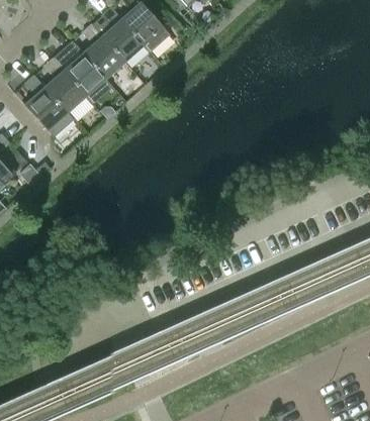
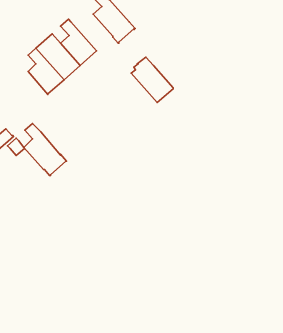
building: [94,9,144,63] -> [131,57,173,102]
building: [23,77,74,138] -> [24,123,67,176]

